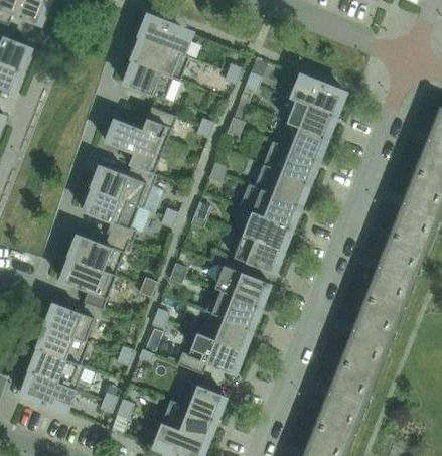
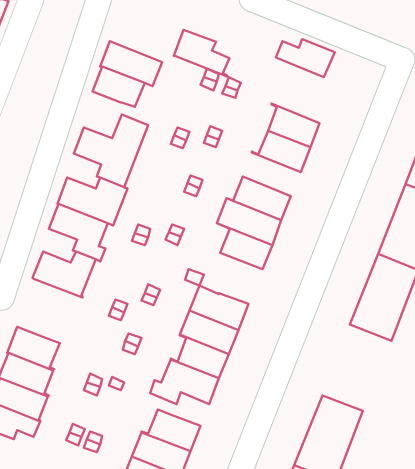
building: [140,15,191,58] -> [174,30,229,77]
building: [290,80,344,115] -> [276,39,335,77]
building: [264,142,317,182] -> none
building: [234,235,282,273] -> none
building: [61,259,116,309] -> none
building: [337,301,401,381] -> none

